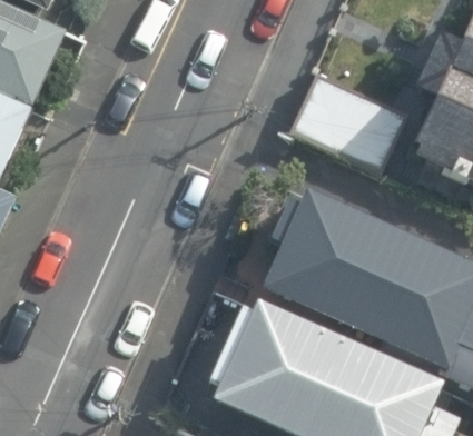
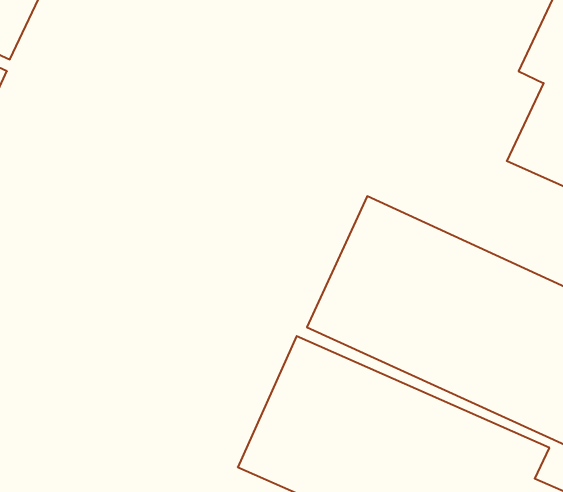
building: [289,75,411,178] -> none

